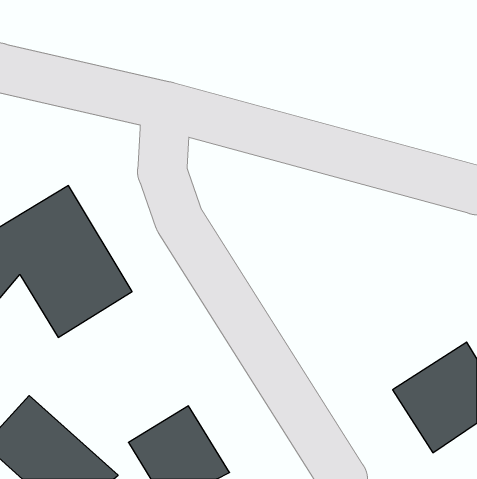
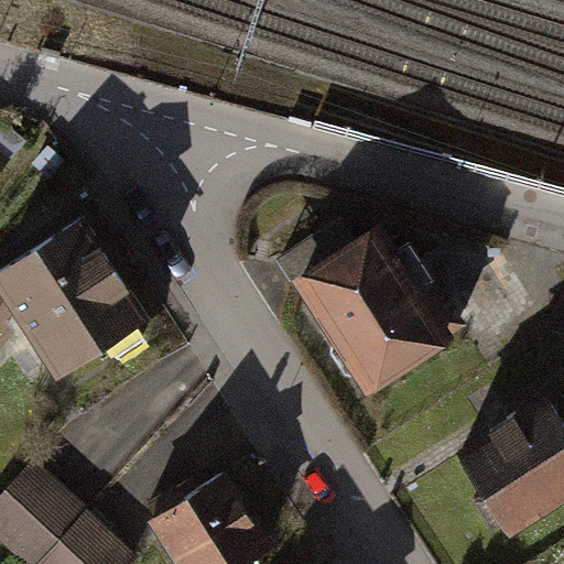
building: none -> [300,230,449,392]

